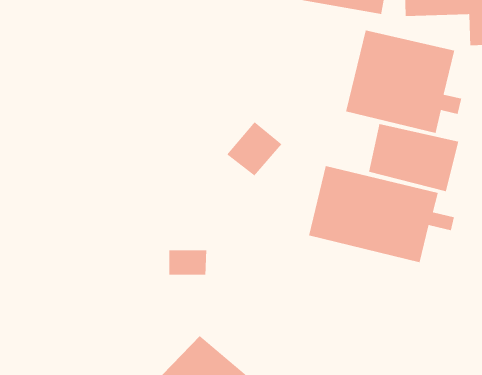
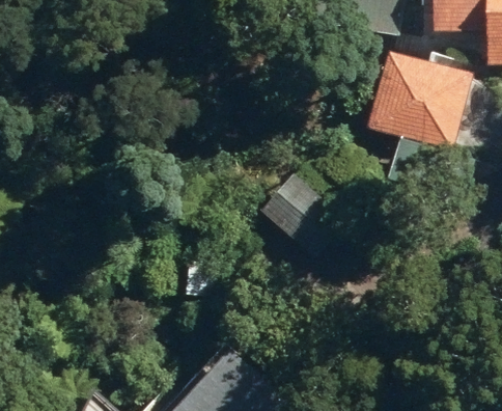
building: [308,165,455,263] -> none

